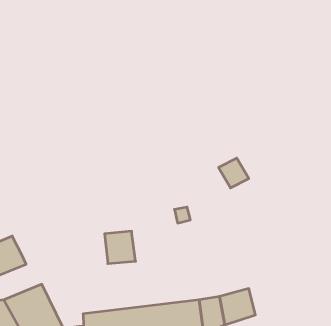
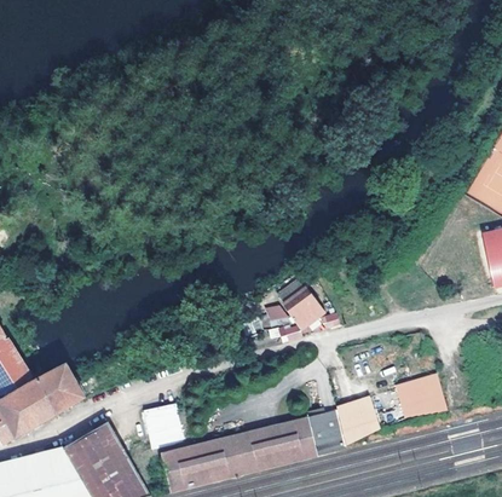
building: [219,158,249,188] -> [283,290,323,329]
building: [105,231,136,264] -> [140,400,184,445]
building: none -> [394,369,448,416]

